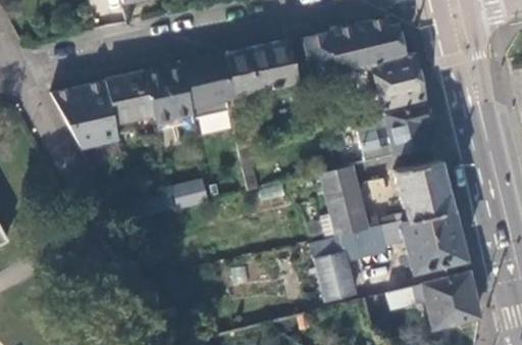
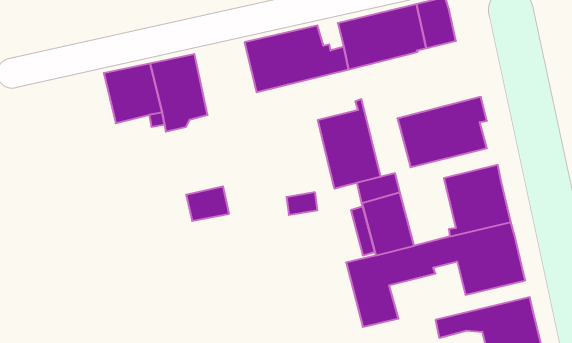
building: [370,51,424,107] -> none
building: [180,54,233,119] -> none
building: [50,81,116,147] -> none
building: none -> [318,99,381,189]

